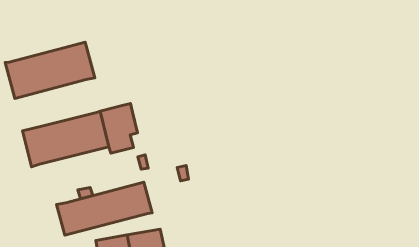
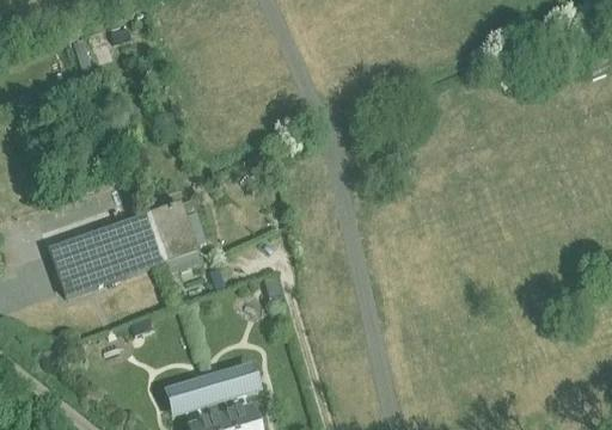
building: [5,42,95,99] -> none
building: [56,182,152,235] -> none

